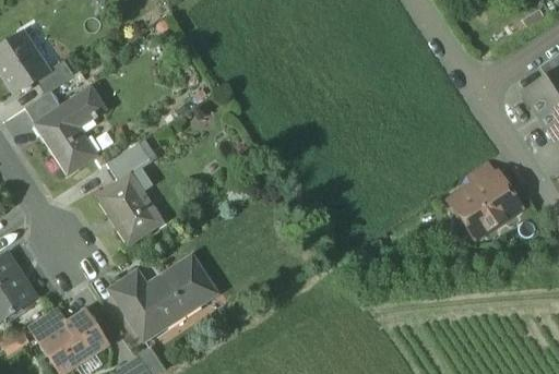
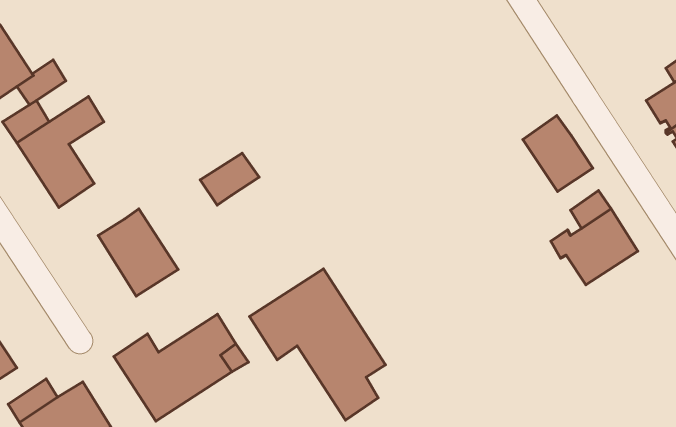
building: none -> [523,115,593,191]
building: [107,142,153,182] -> [200,153,259,205]
building: none -> [250,269,386,420]

